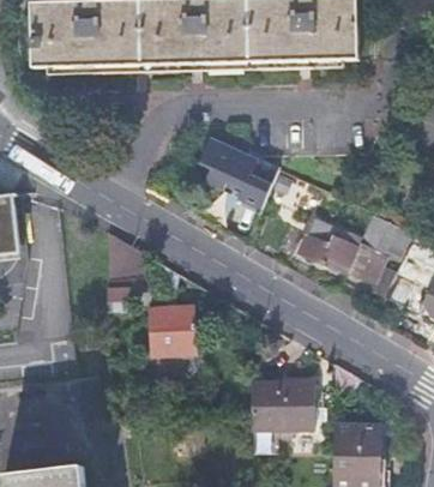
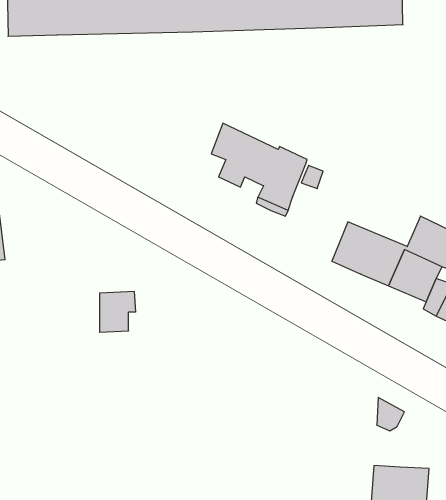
building: [104,229,145,279] -> none
building: [147,306,198,354] -> none
building: [251,381,313,432] -> none

